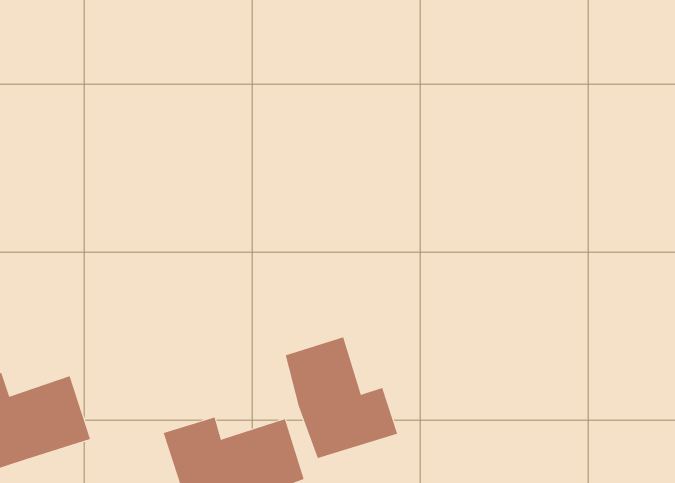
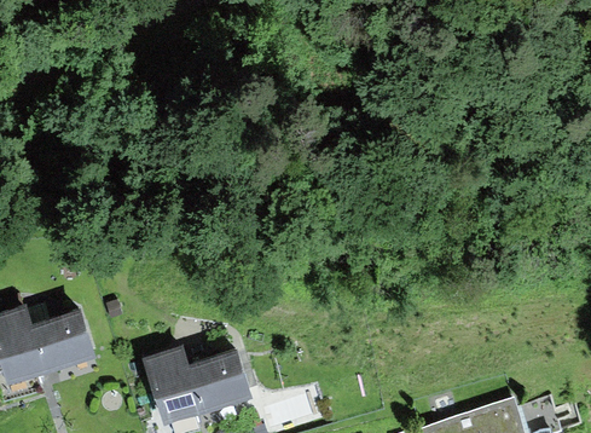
building: [285,336,398,459] -> none

